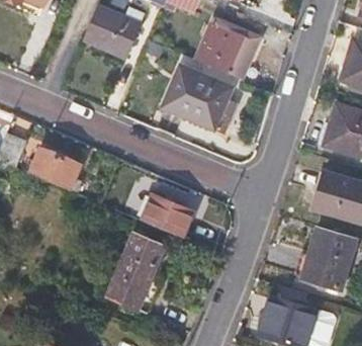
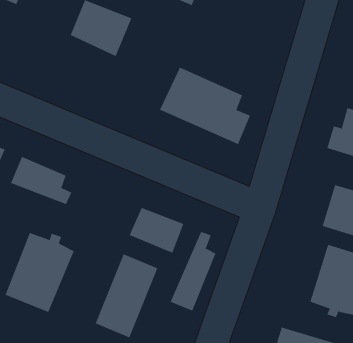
building: [192,16,256,78] -> none
building: none -> [170,231,216,312]
building: none -> [5,232,74,313]

